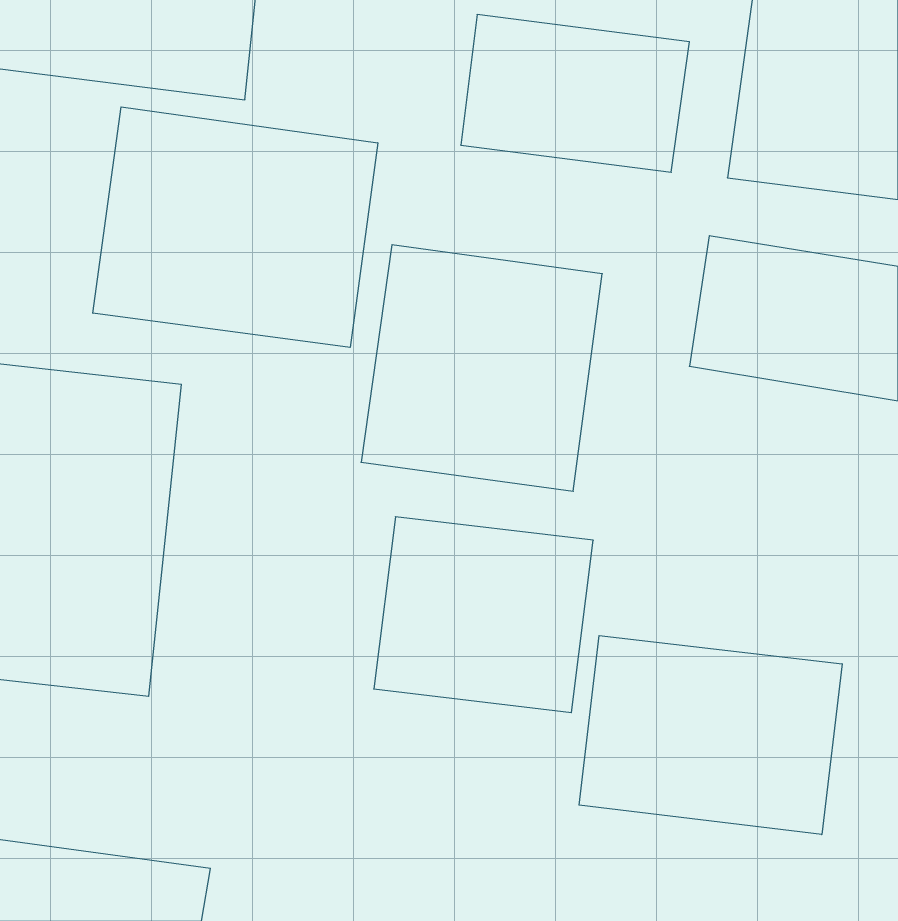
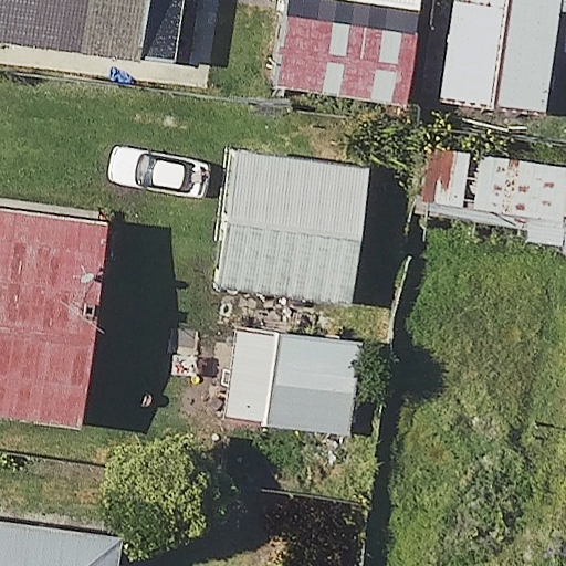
building: [93,107,378,347] -> none
building: [579,636,842,835] -> none

